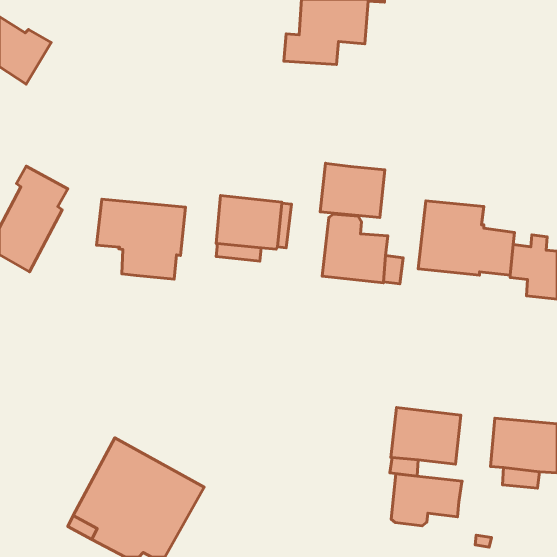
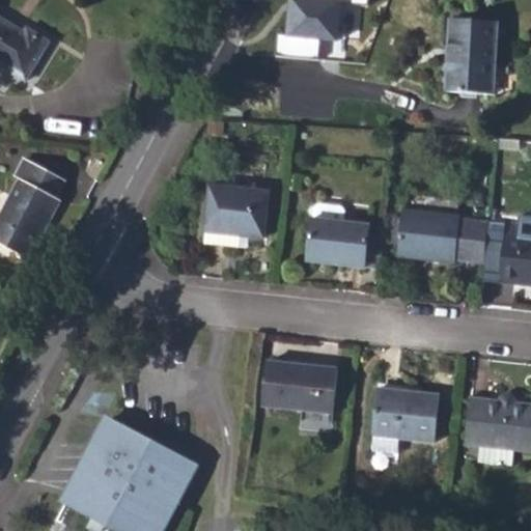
building: none -> [446,18,498,93]
building: [320,163,385,218] -> none
building: [96,199,185,279] -> none
building: none -> [261,360,336,412]
building: [391,474,462,526] -> none

